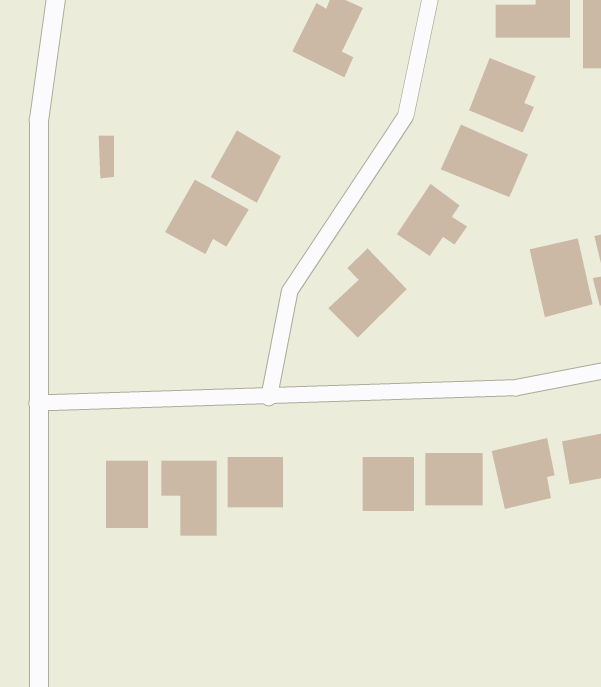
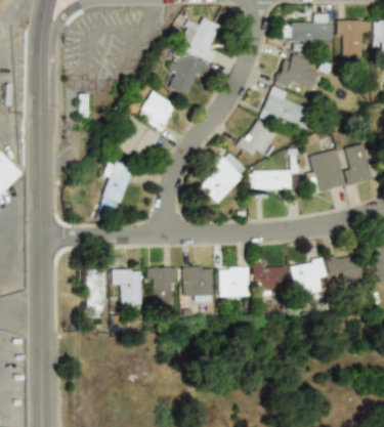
building: none -> [168,50,210,94]
building: none -> [97,159,141,215]
building: none -> [251,170,297,198]
building: none -> [183,266,212,300]

